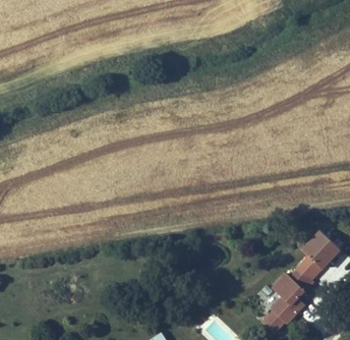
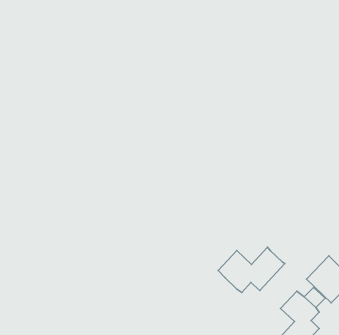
building: none -> [218,247,285,292]

